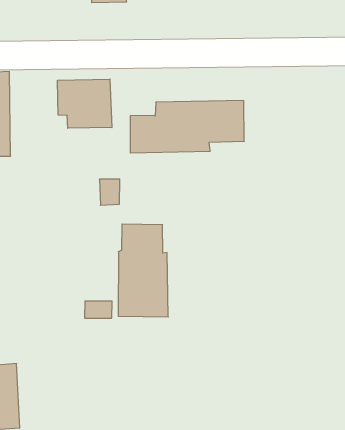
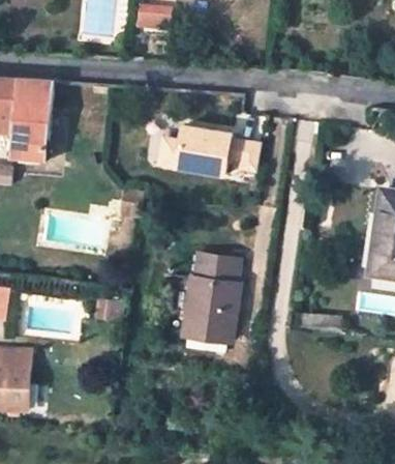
building: [58,79,112,128] -> none
building: [118,224,168,317] -> [184,255,236,345]

